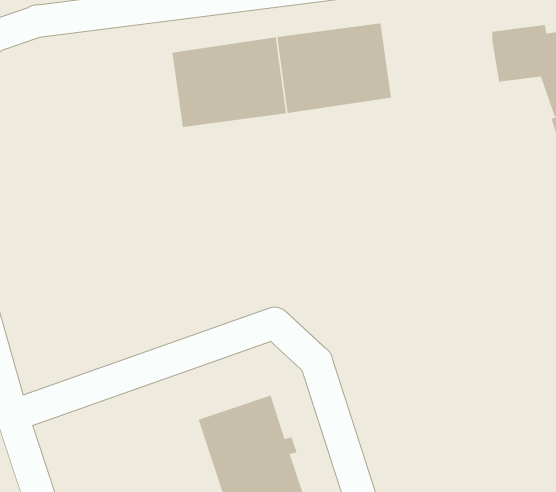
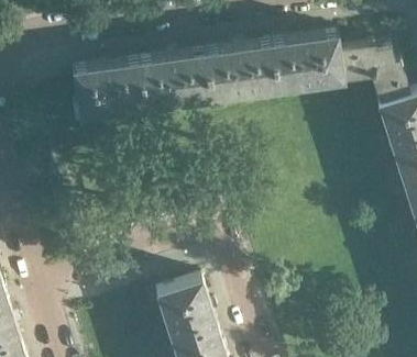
building: none -> [270,32,343,88]
building: none -> [72,59,144,115]

